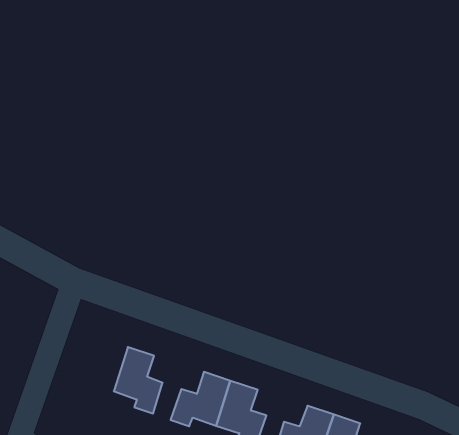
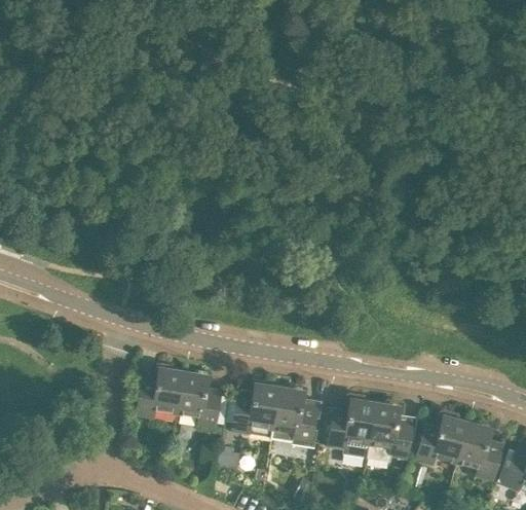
building: none -> [138,367,185,416]

